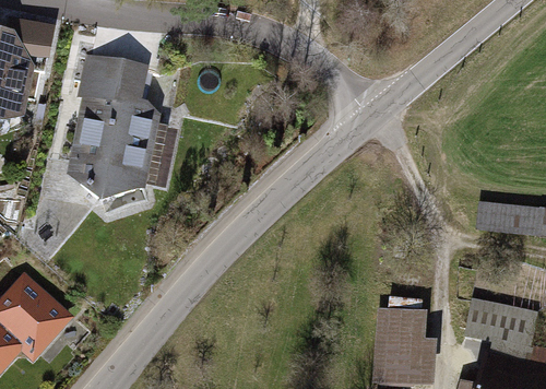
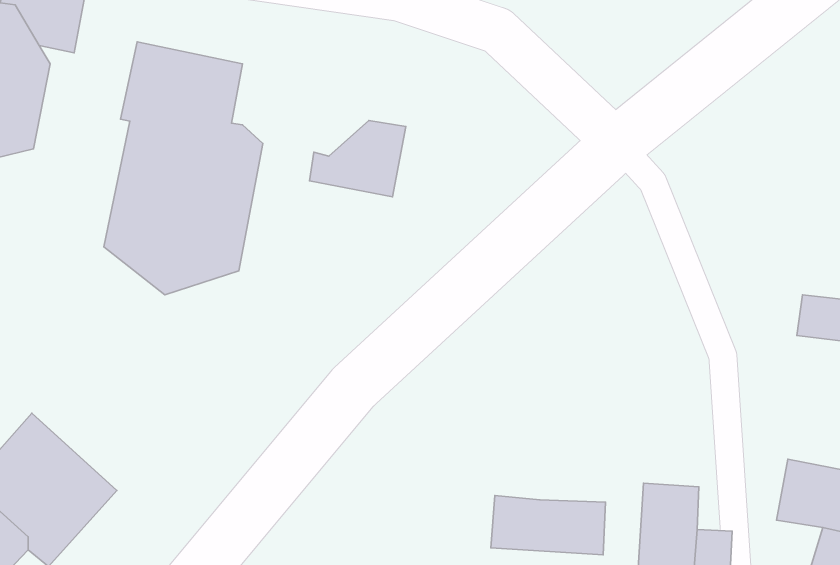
building: none -> [309,121,406,197]
building: none -> [491,496,605,555]

